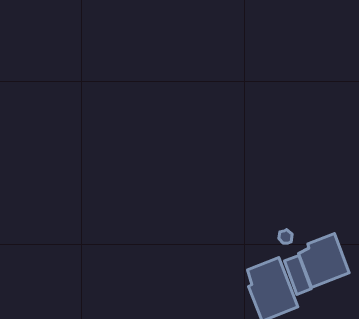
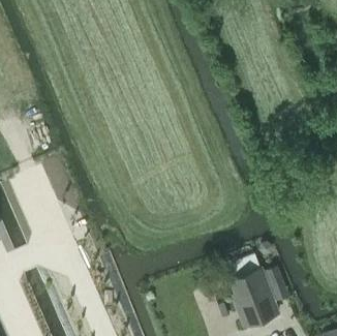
building: [298,234,349,287] -> none

